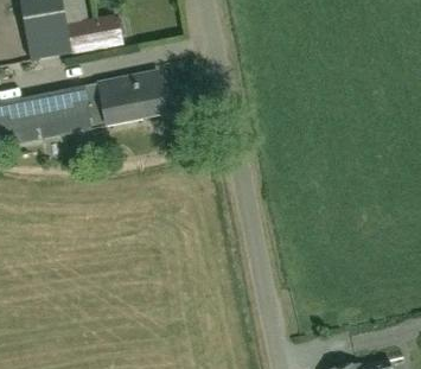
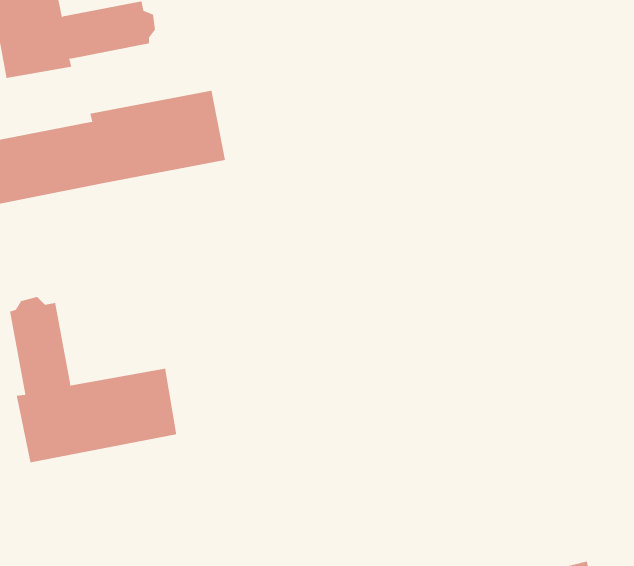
building: none -> [10,296,177,463]

